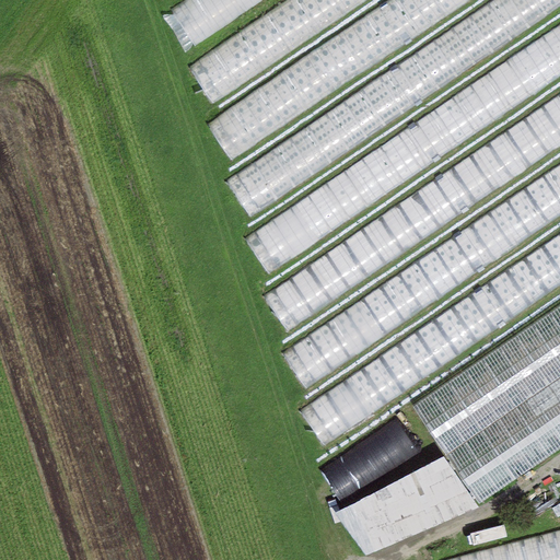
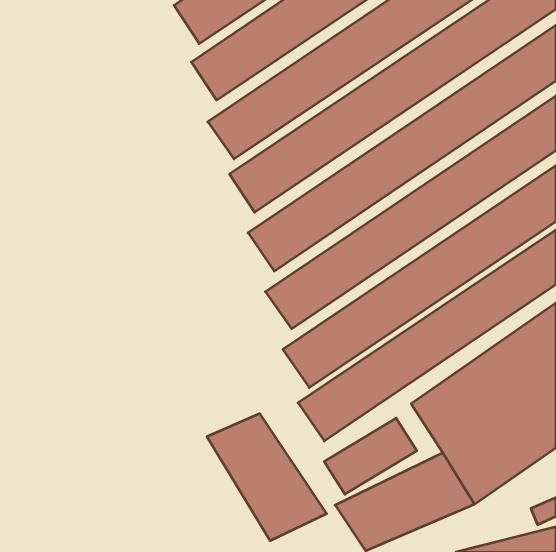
building: none -> [207,414,327,541]

